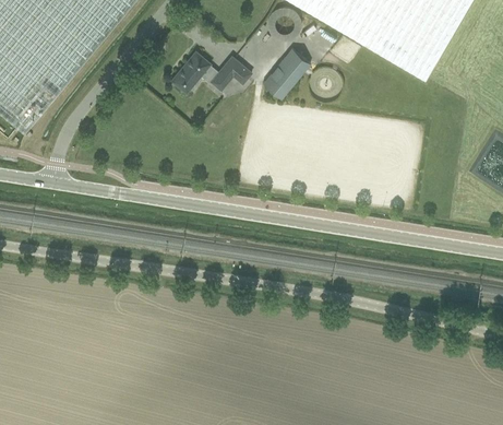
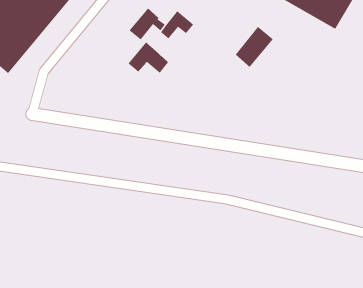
building: [263,47,311,98] -> [235,26,274,68]
building: none -> [127,42,169,74]

